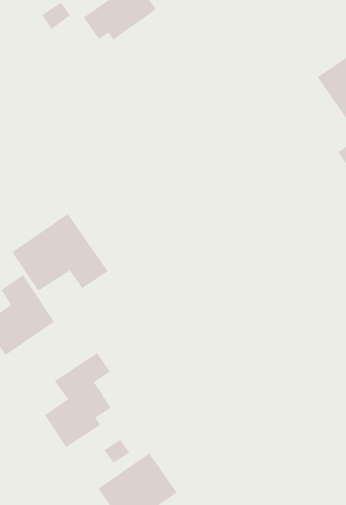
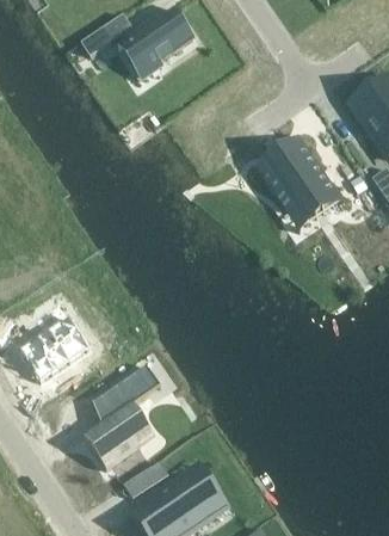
building: none -> [260,141,344,217]
building: [11,213,108,291] -> none

